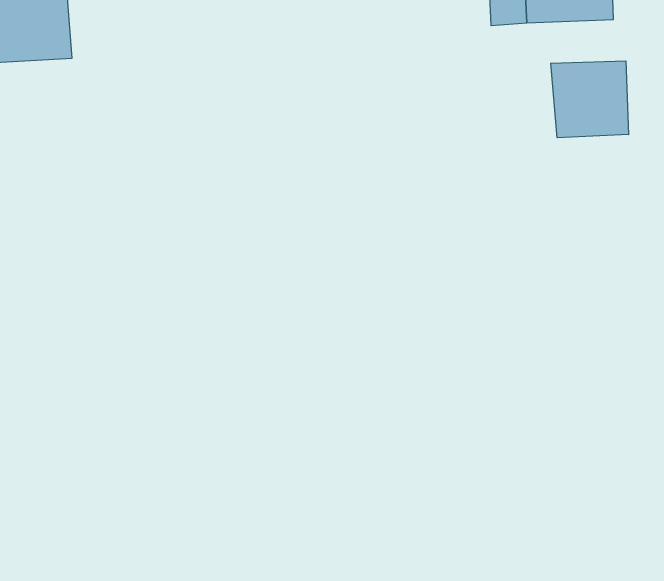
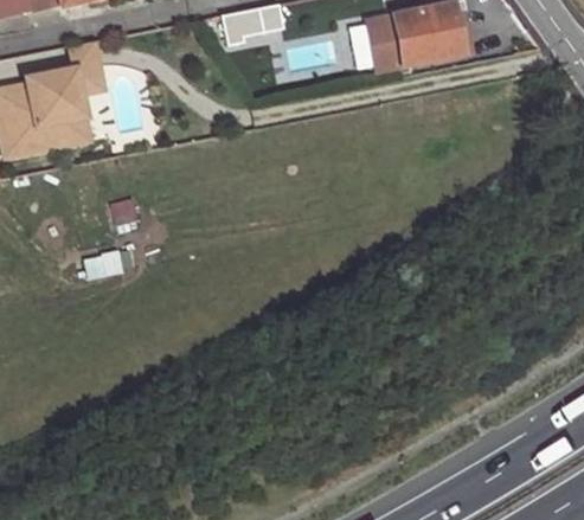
building: [551,61,629,138] -> none

